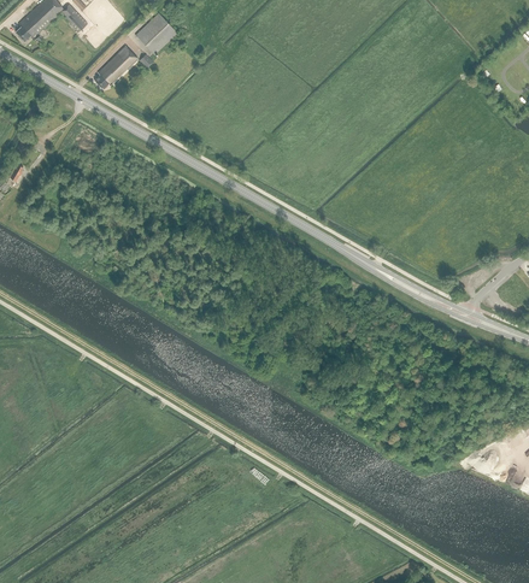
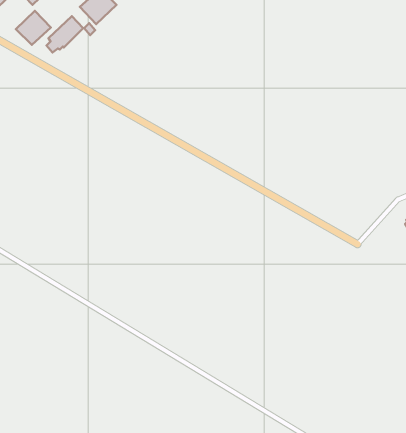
building: none -> [16,11,51,45]

